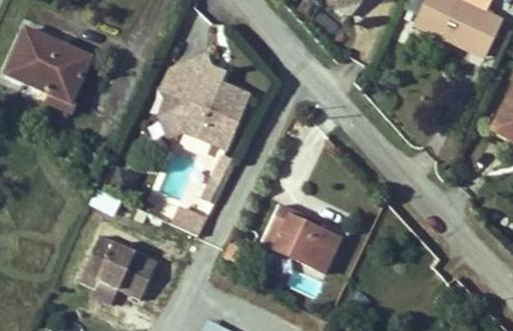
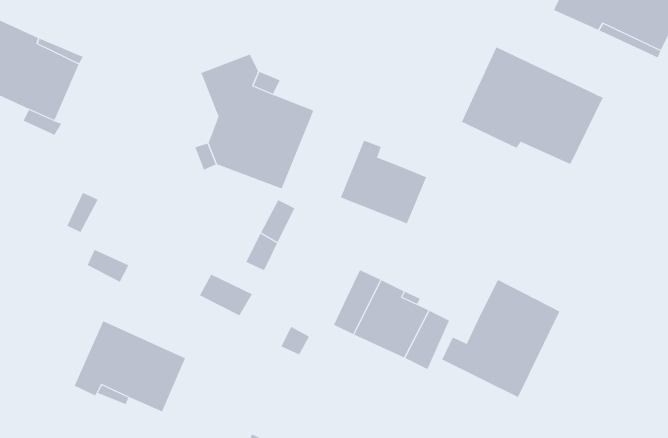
building: none -> [461,47,604,165]
building: none -> [340,140,427,224]
building: none -> [442,279,560,398]

